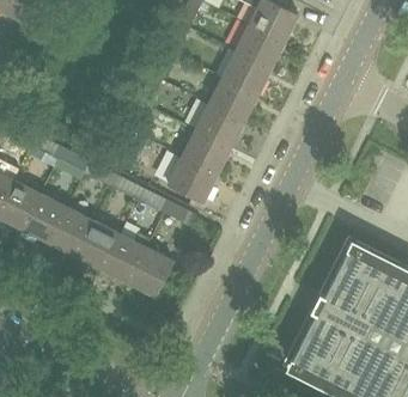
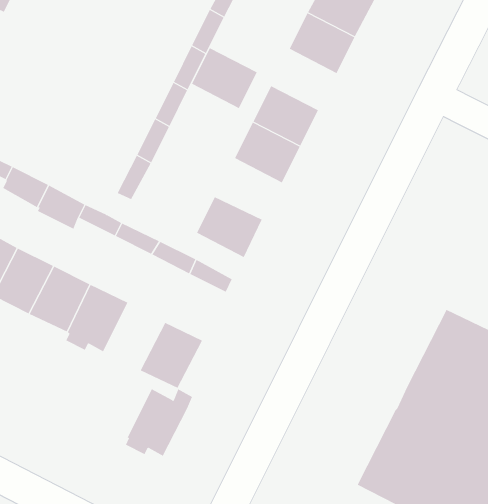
building: [223,50,270,94] -> [191,47,257,109]
building: [182,129,231,173] -> none
building: [101,233,150,282] -> [125,389,193,457]

